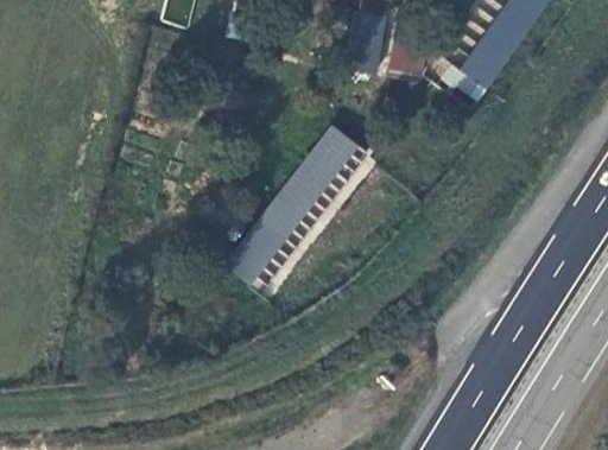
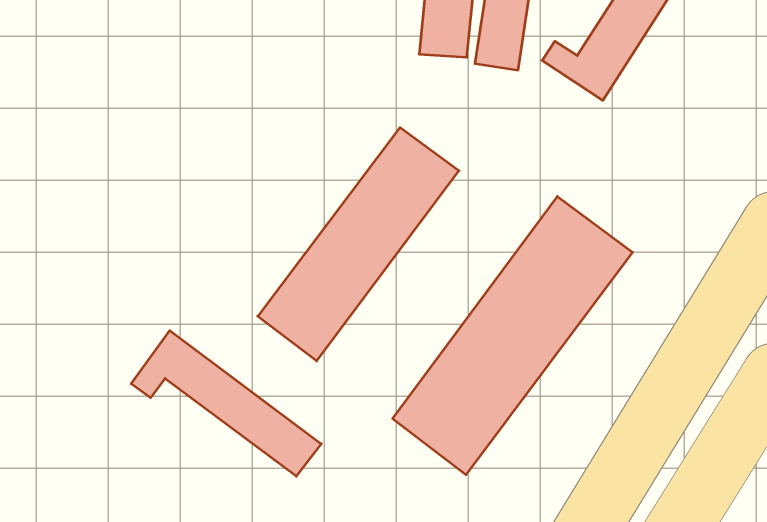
building: none -> [393,196,632,475]
building: none -> [131,331,321,476]

